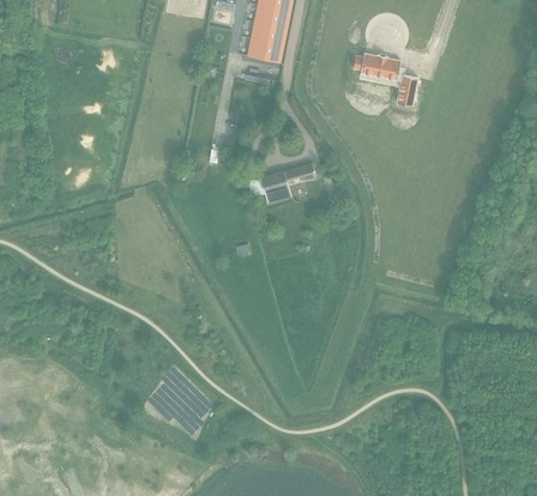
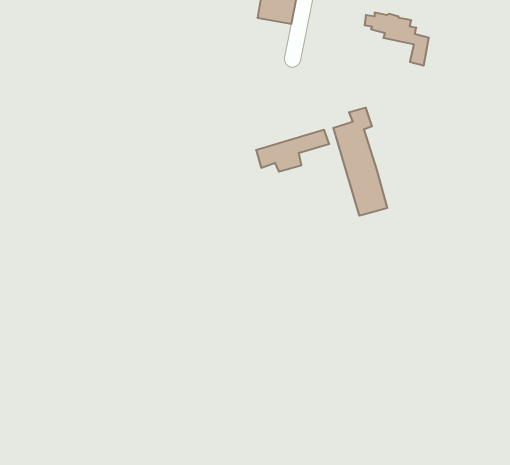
building: none -> [333,108,387,216]

